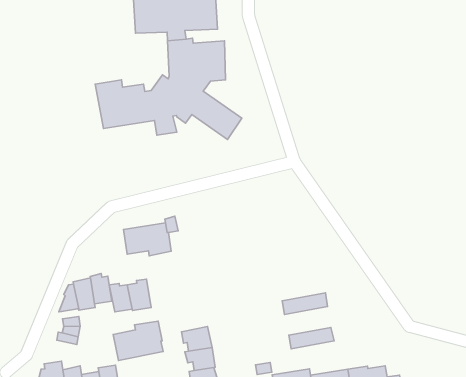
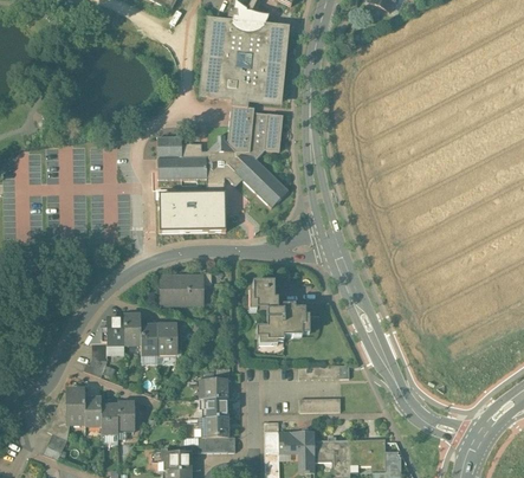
building: none -> [161,193,227,231]
building: none -> [253,283,306,342]
building: [113,321,163,361] -> none

